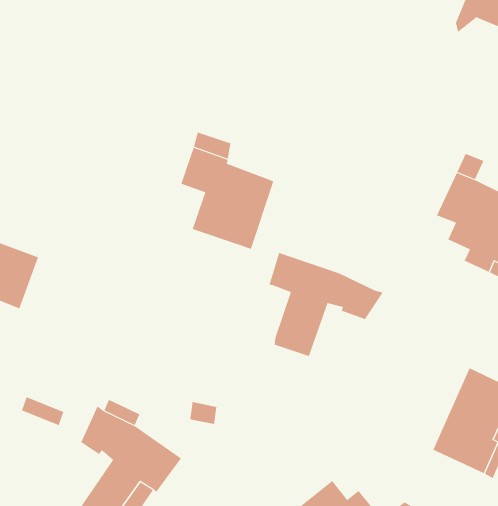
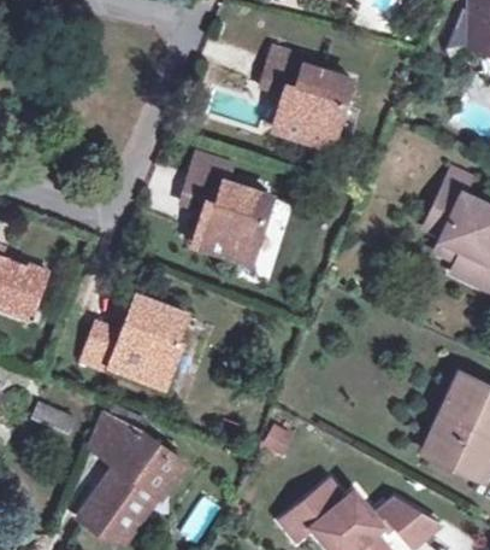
building: none -> [264,48,353,146]
building: [269,252,383,357] -> none
building: none -> [85,296,187,386]

